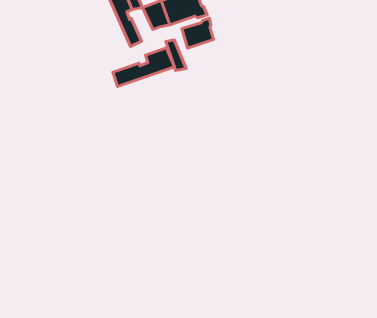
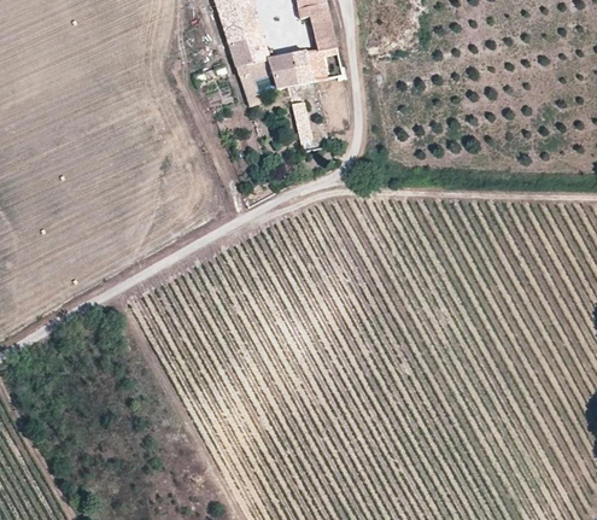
building: [182,18,213,48] -> none
building: [113,48,174,86] -> none

